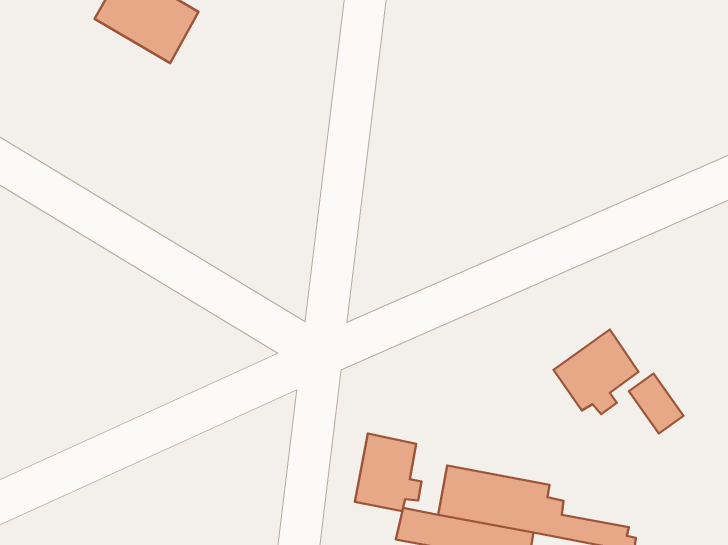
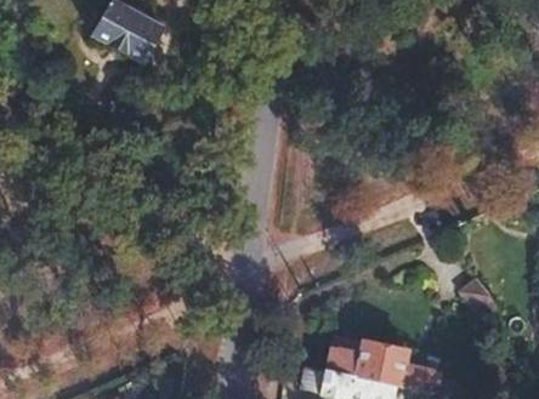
building: [553,330,639,414] -> none
building: [355,434,422,511] -> none

